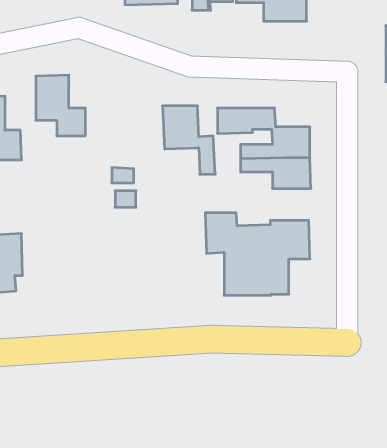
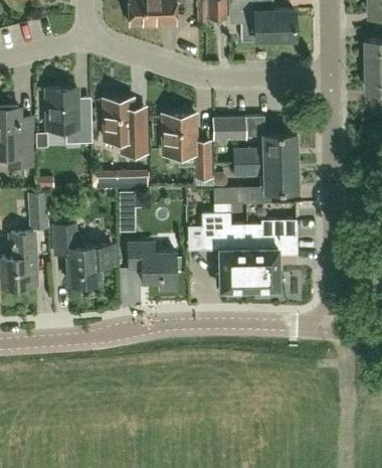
building: none -> [104,99,147,153]
building: none -> [214,188,247,204]
building: none -> [27,192,48,221]
building: none -> [52,224,114,284]
building: none -> [128,245,178,290]

